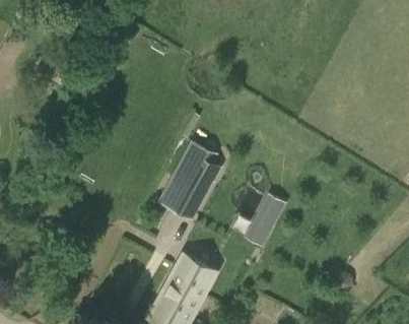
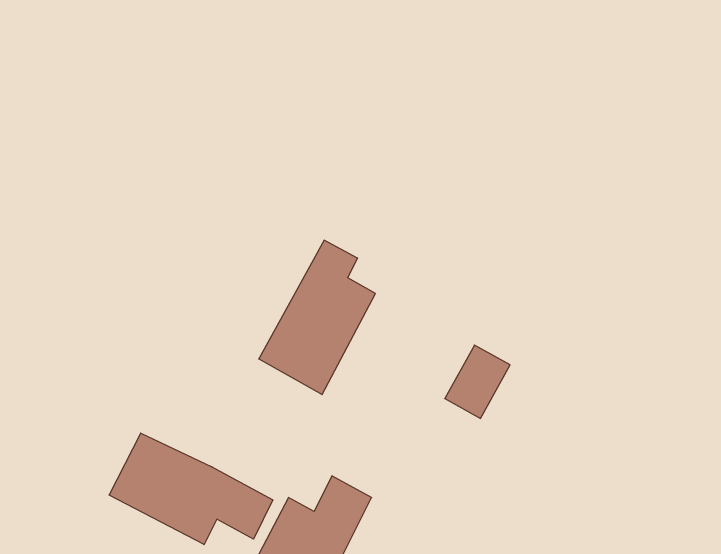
building: none -> [109,433,273,545]

